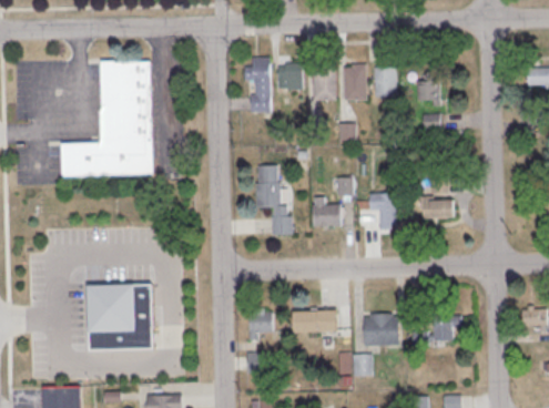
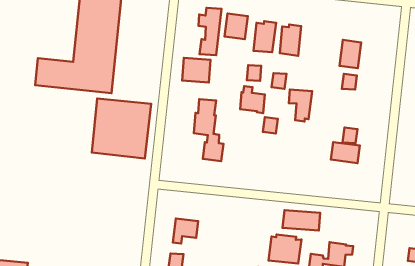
building: [374,68,396,98] -> none
building: none -> [182,58,210,83]
building: [369,193,396,230] -> [289,89,312,121]
building: [313,197,342,226] -> [240,86,265,113]
building: [88,283,153,349] -> [92,99,151,158]
building: [294,309,337,333] -> [282,210,320,231]

